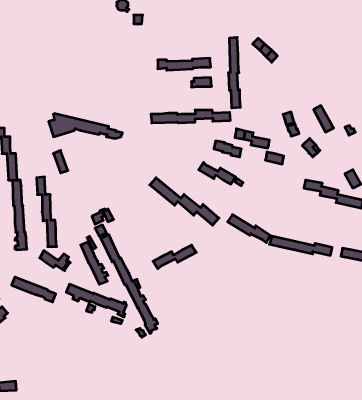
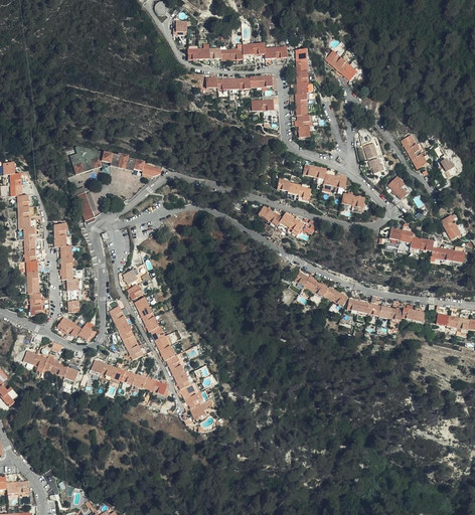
building: [151,110,230,123] -> [187,44,287,60]
building: [150,178,219,225] -> none
building: [153,245,196,269] -> none

